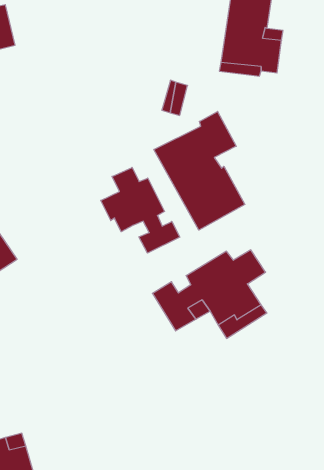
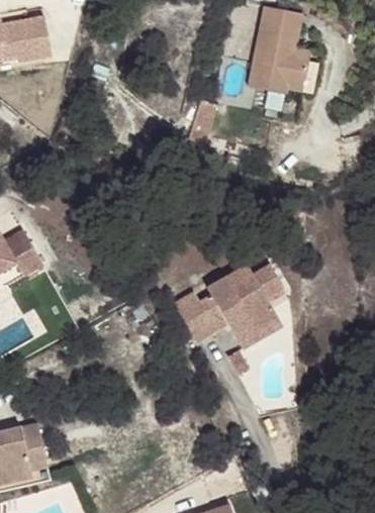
building: [154,111,245,230] -> none
building: [101,167,180,253] -> none

